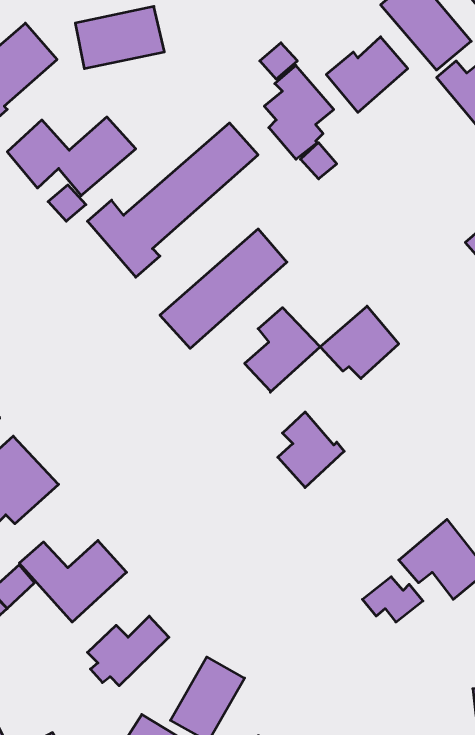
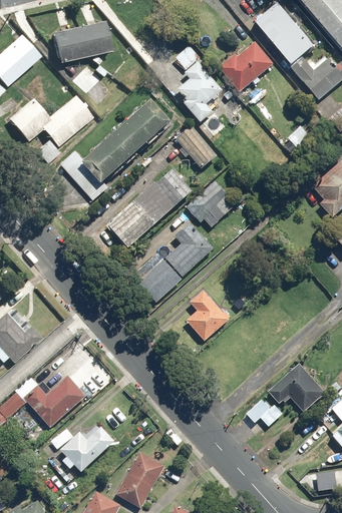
building: none -> [174,124,218,169]
building: [320,306,399,379] -> [185,179,237,227]
building: none -> [133,258,184,303]

